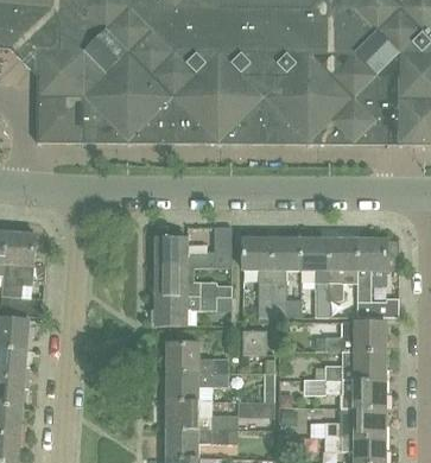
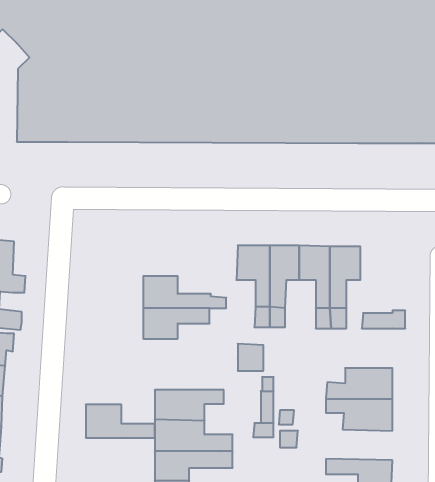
building: [154,226,229,266] -> none
building: [356,239,387,300] -> none
building: [316,322,386,351] -> none
building: [165,341,229,372] -> [86,405,155,438]
building: [324,408,386,437] -> none

